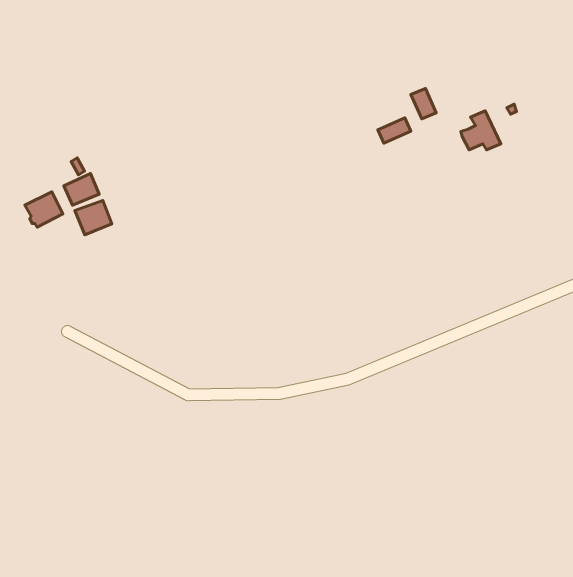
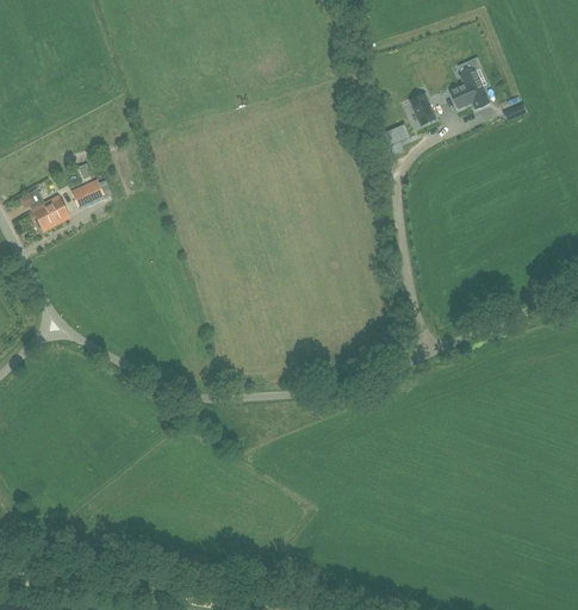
building: [461,111,501,150] -> [450,69,490,107]
building: [75,200,112,235] -> none

